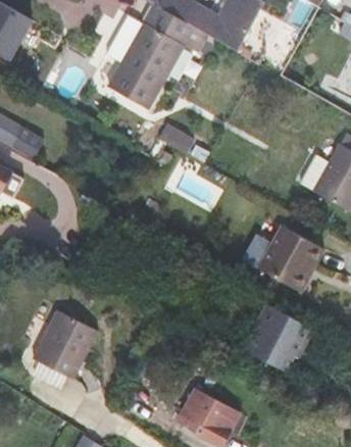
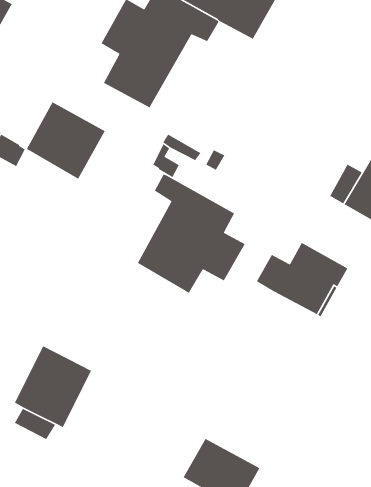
building: none -> [26,101,106,180]
building: none -> [137,174,246,294]
building: [244,304,311,371] -> none

